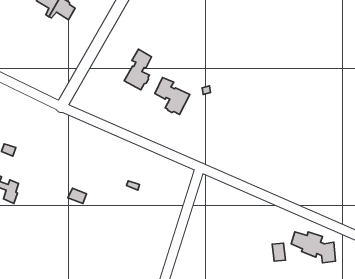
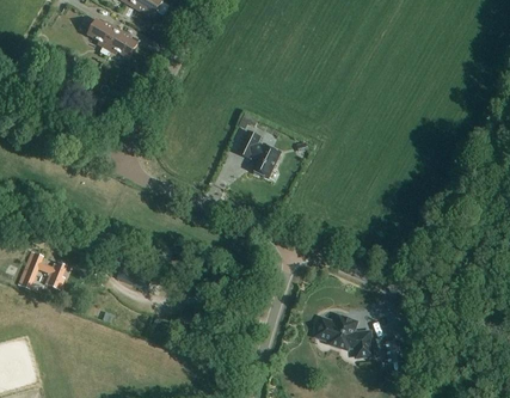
building: [124,49,152,90] -> none
building: [291,232,336,263] -> [315,317,371,356]

